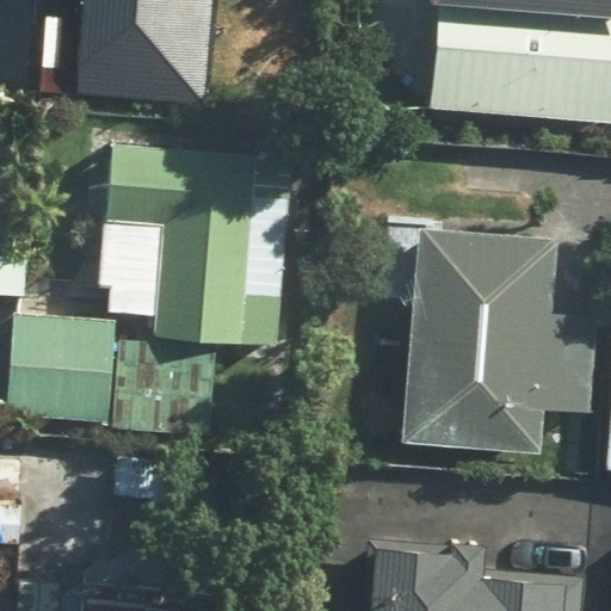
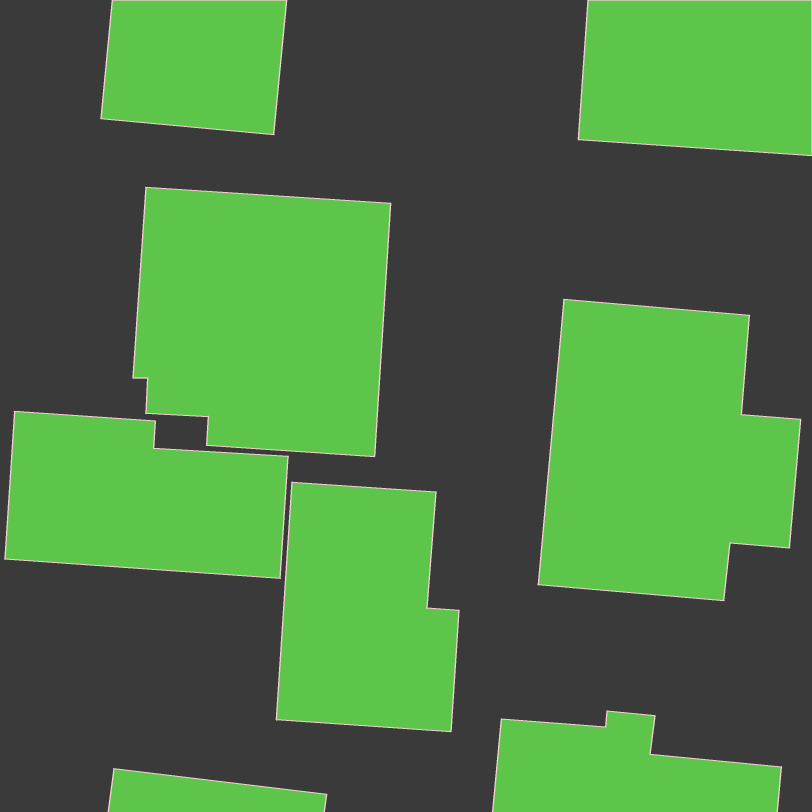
building: none -> [277,482,459,732]

